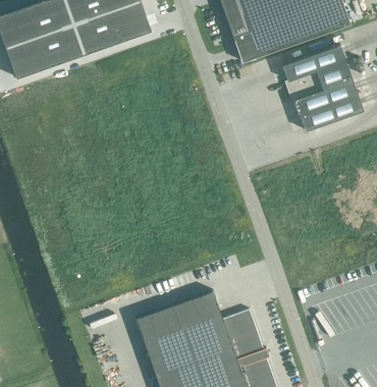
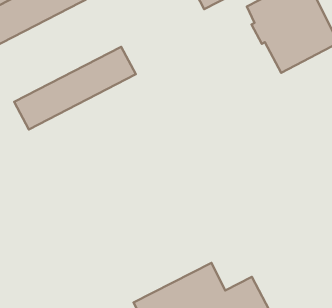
building: none -> [14,47,136,129]

